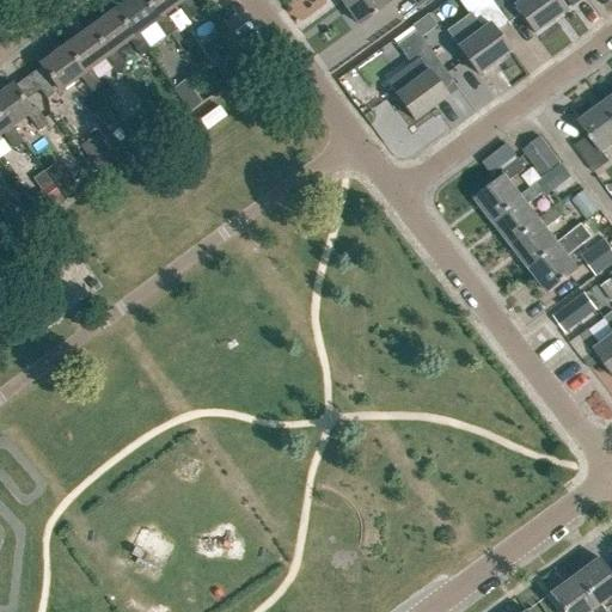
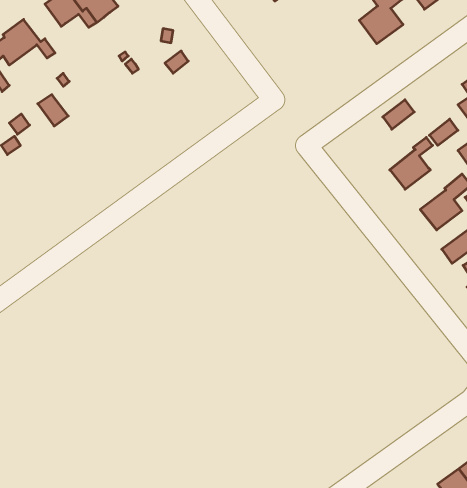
building: [62,25,123,71] -> none
building: [393,27,445,118] -> none
building: [524,134,559,172] -> none
building: [473,158,525,220] -> none
building: [510,206,561,267] -> none

